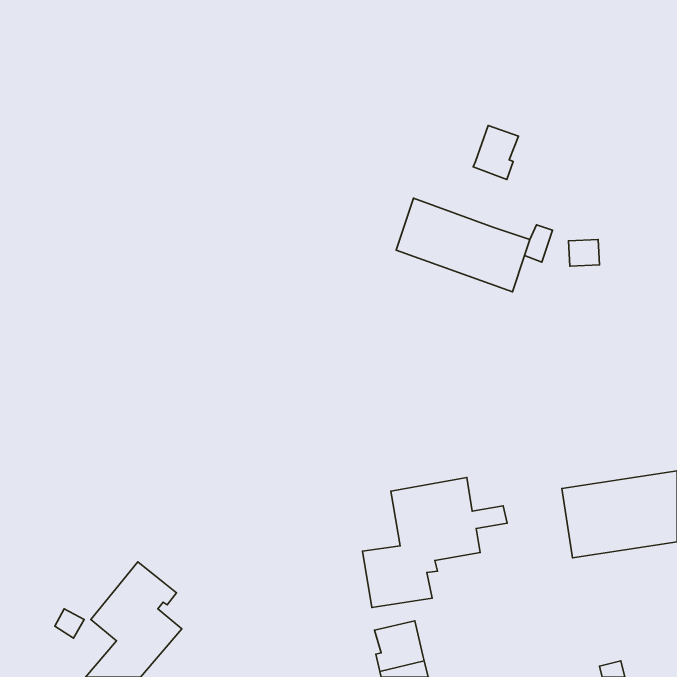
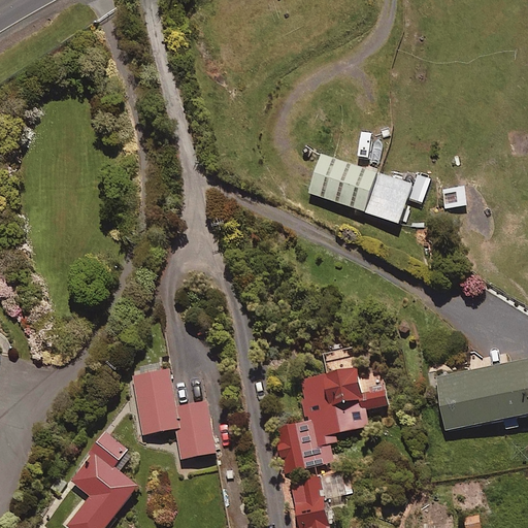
building: [473,125,519,179] -> none
building: none -> [134,368,216,457]

